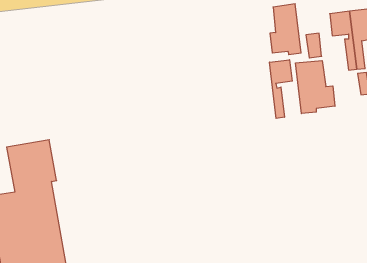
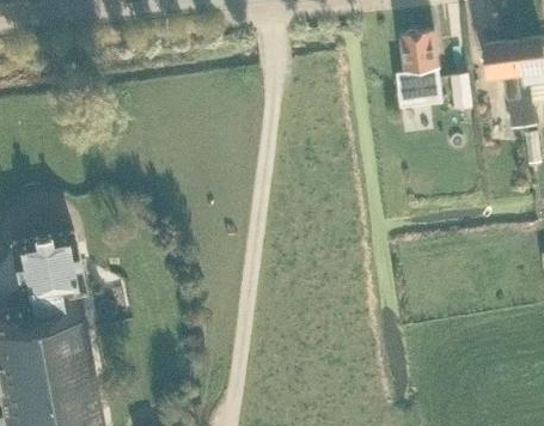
building: [270,60,292,118] -> none
building: [296,61,335,114] -> none

